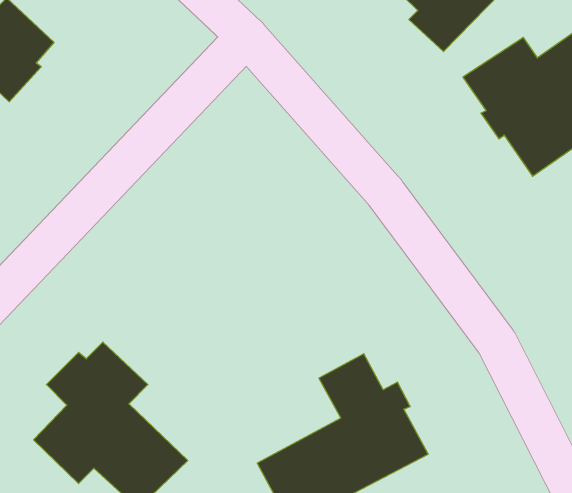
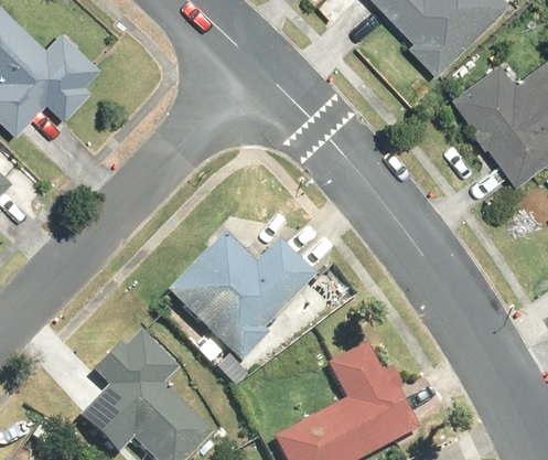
building: none -> [170,228,320,357]

